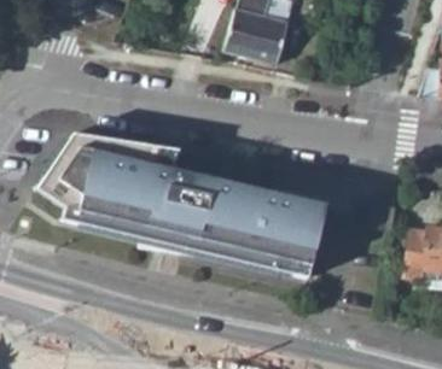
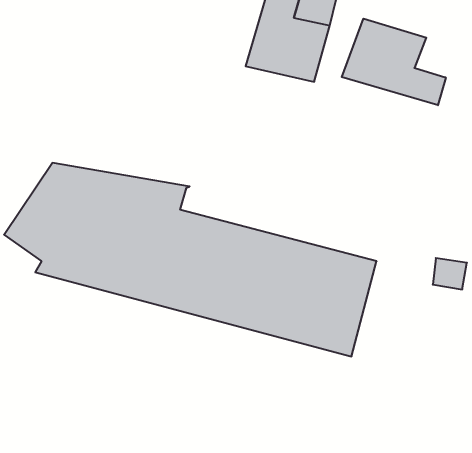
building: none -> [342,19,446,105]

